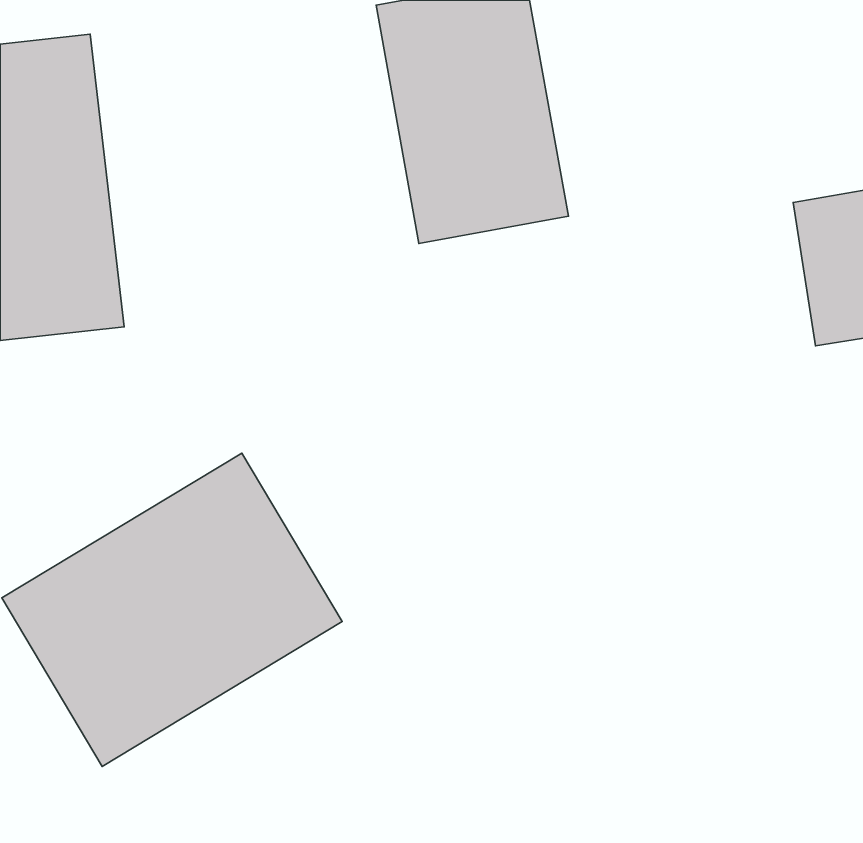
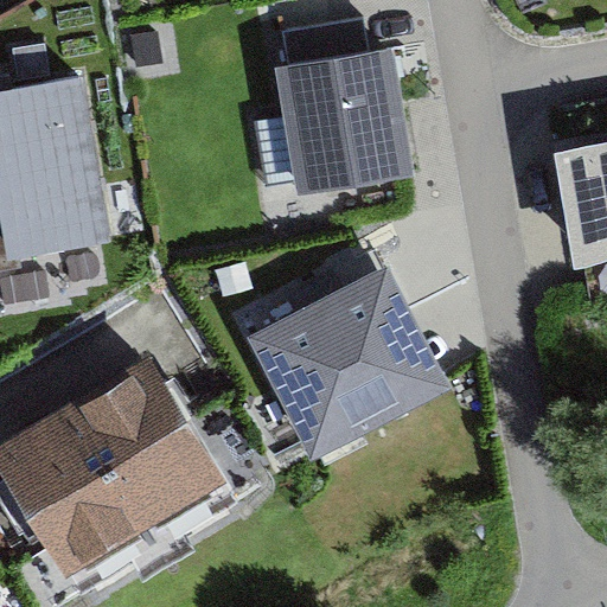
building: none -> [251,273,445,453]

